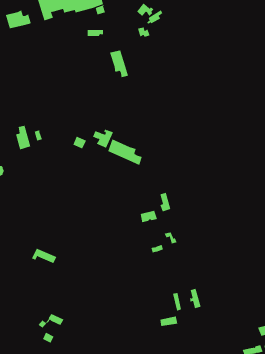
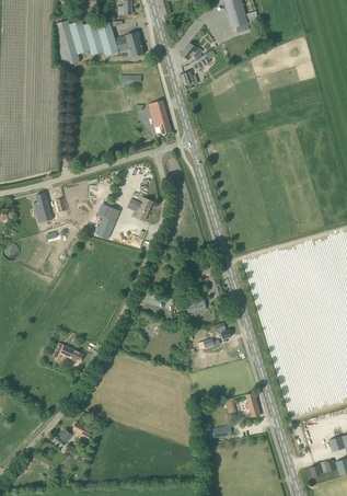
building: [5,10,32,29] -> none
building: [107,139,143,166] -> none

